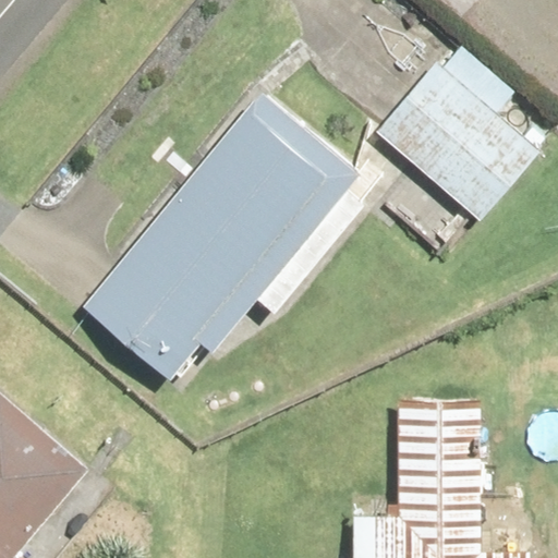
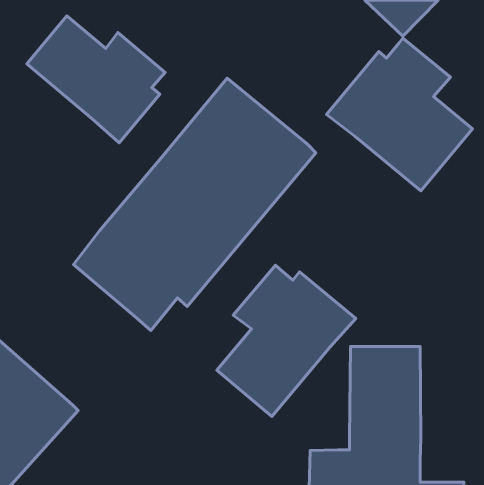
building: none -> [27,16,165,143]
building: none -> [217,265,356,416]

